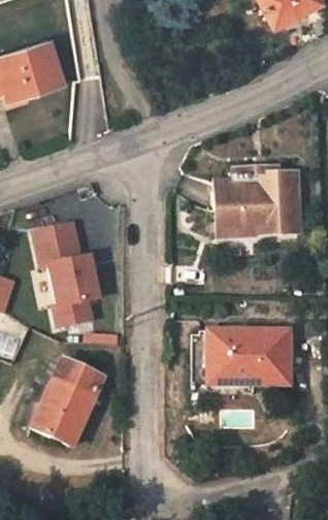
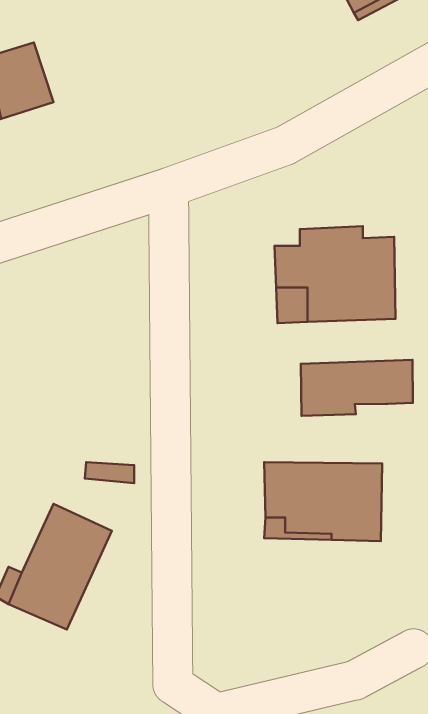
building: [34,225,98,328] -> none
building: none -> [301,360,413,416]

